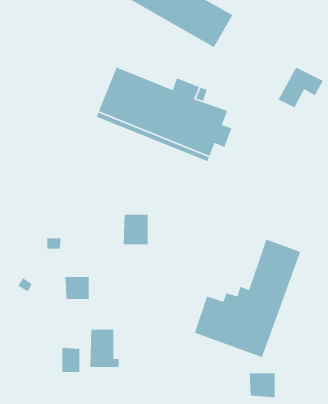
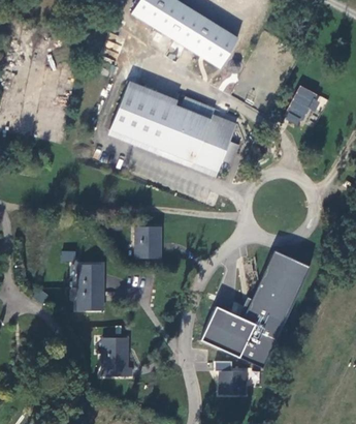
building: none -> [77,262,102,286]
building: [61,347,80,373] -> none
building: [249,372,276,398] -> [219,369,245,394]

